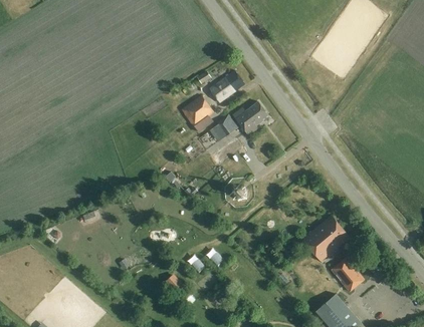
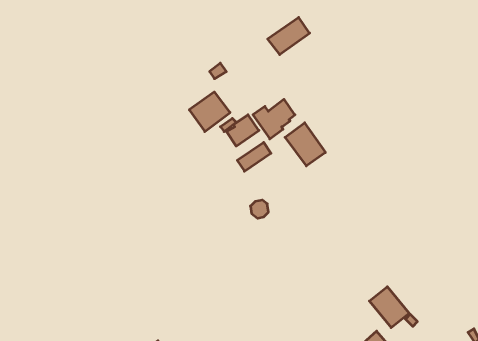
building: [209,70,244,101] -> [268,17,310,55]
building: none -> [285,123,325,166]
building: [302,216,350,261] -> none

